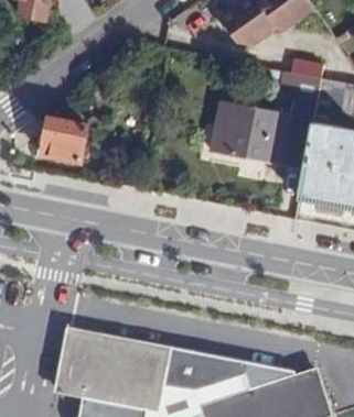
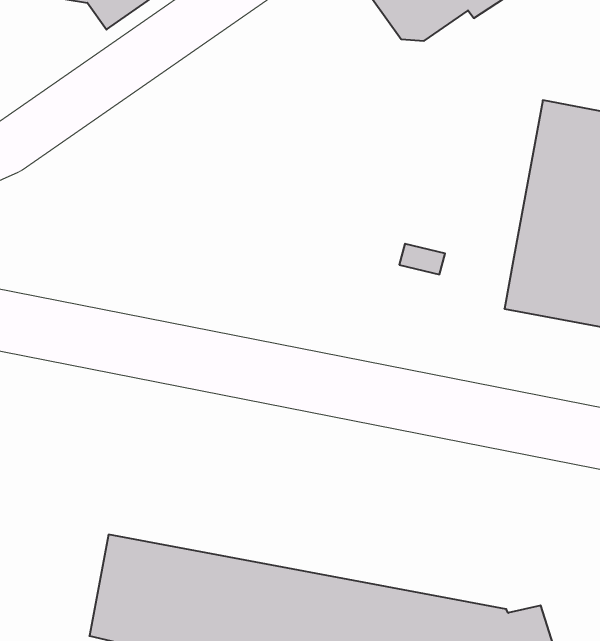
building: [211,72,318,169] -> none
building: [41,118,85,162] -> none

